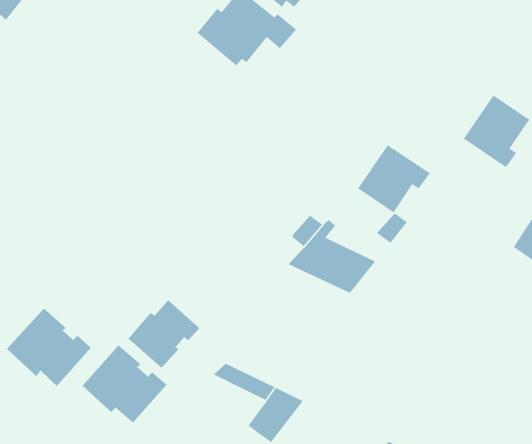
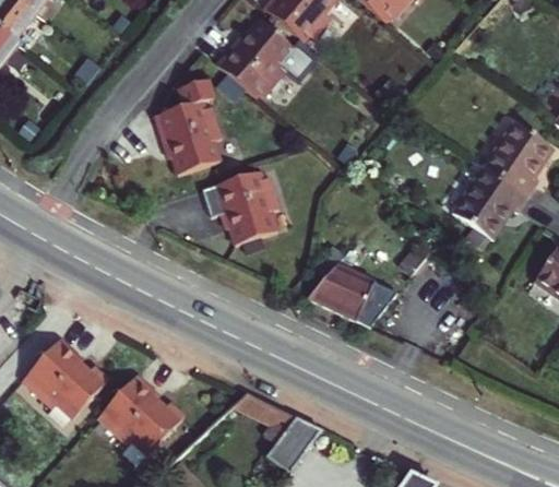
building: none -> [151,79,219,175]
building: none -> [200,169,278,245]
building: [357,144,431,213] -> [453,168,527,238]
building: [128,300,200,369] -> none

